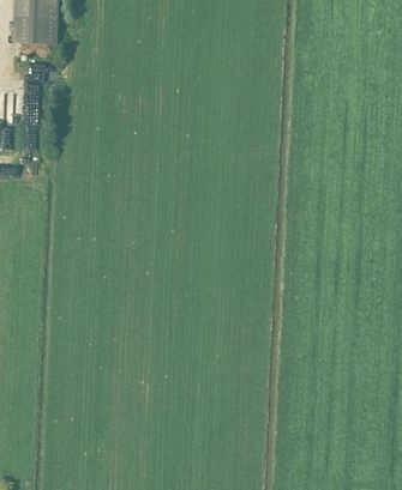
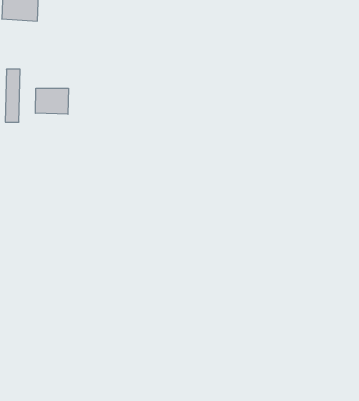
building: none -> [35,88,68,114]

